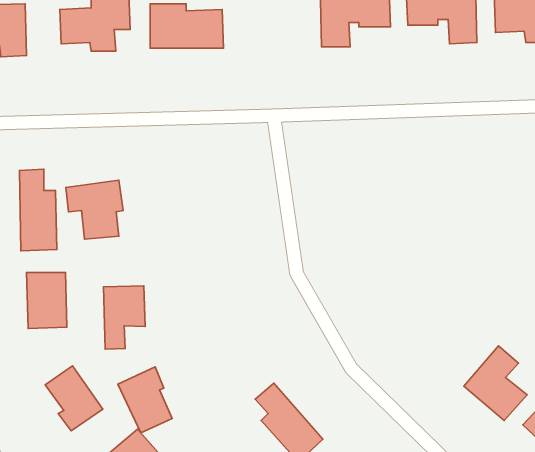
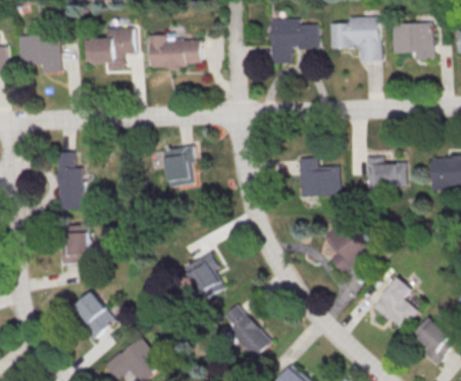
building: none -> [365,156,406,188]
building: none -> [298,158,339,197]
building: [66,180,123,239] -> [154,146,195,187]
building: none -> [322,218,371,273]
building: [104,286,145,349] -> none
building: [118,367,172,433] -> [185,253,223,300]

